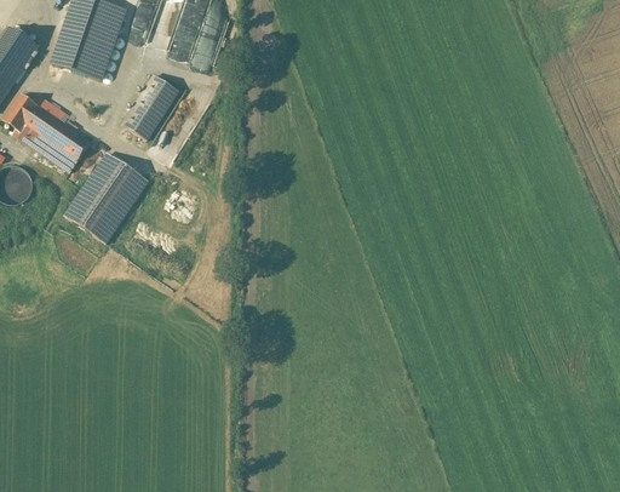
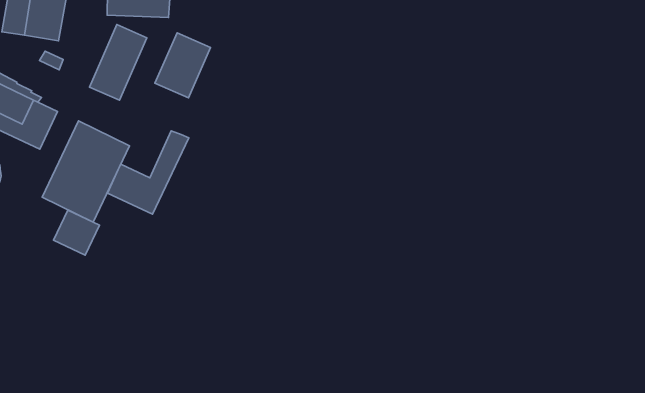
building: none -> [155,33,211,98]
building: none -> [107,131,189,214]
building: none -> [53,210,99,255]

